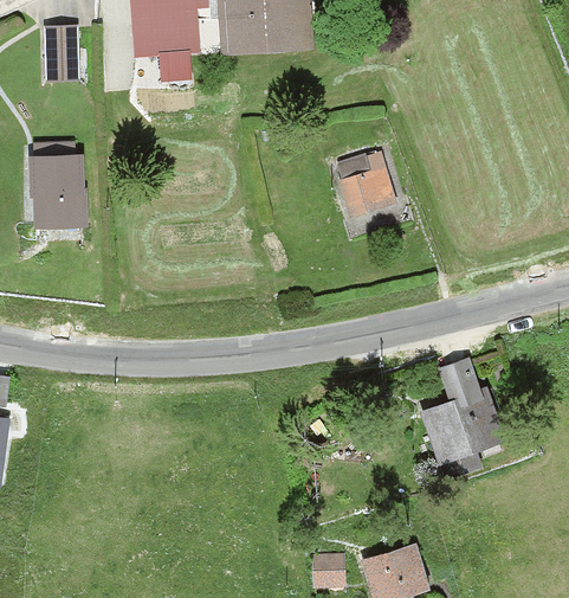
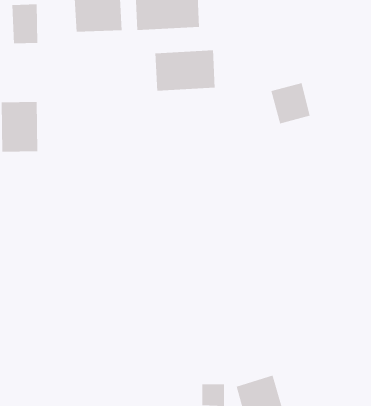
building: none -> [155,50,215,91]
building: [336,153,393,212] -> [270,83,310,124]
building: [428,359,502,461] -> none

